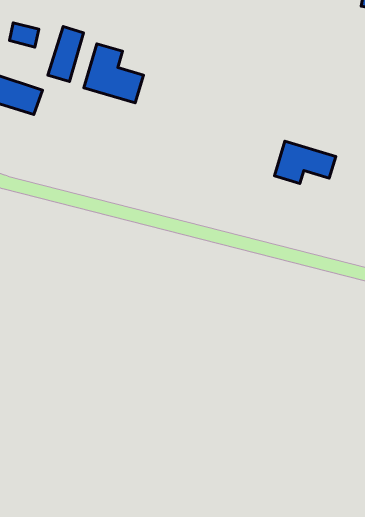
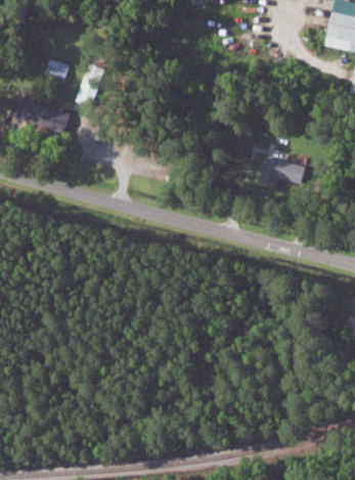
building: [84,44,143,103] -> none

